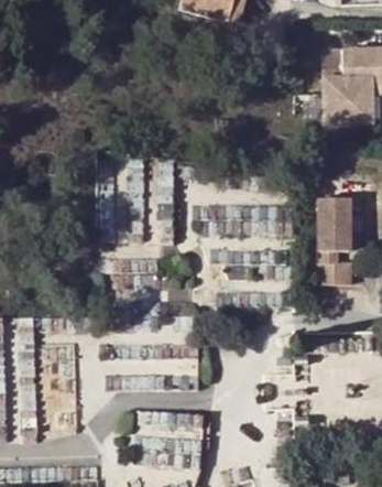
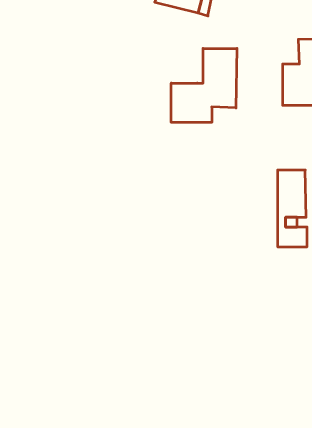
building: none -> [171,48,237,122]

